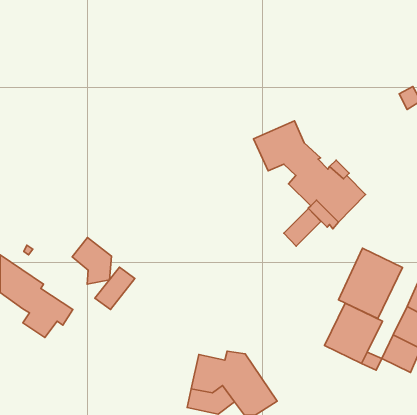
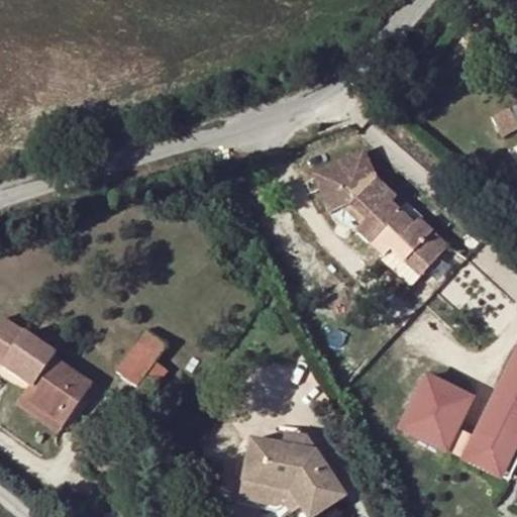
building: [284,209,321,246] -> none
building: [72,237,111,284] -> none
building: [338,248,403,319] -> none
building: none -> [15,382,79,430]

